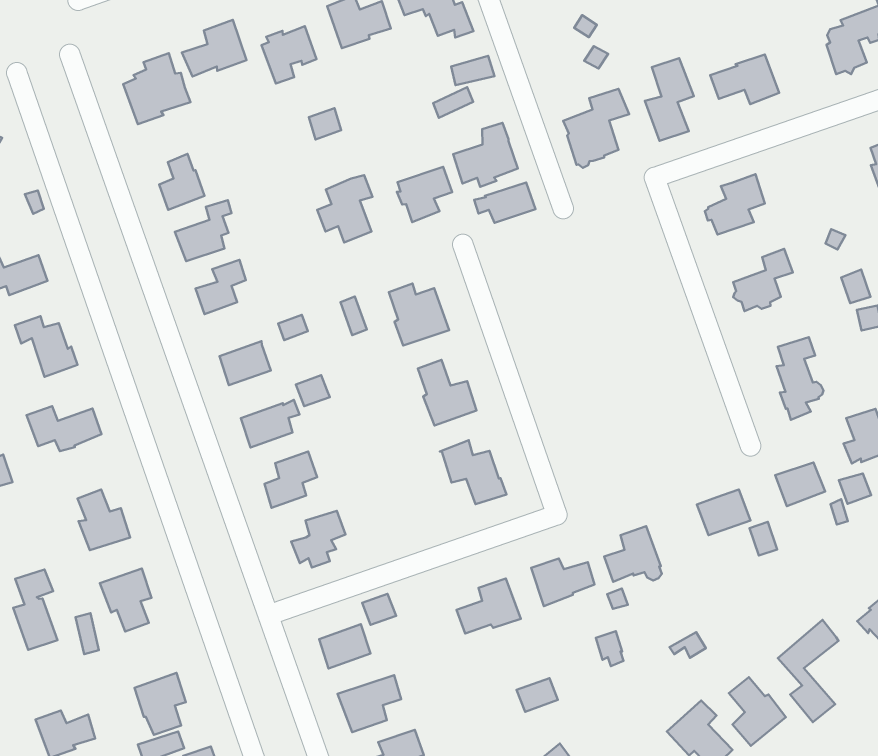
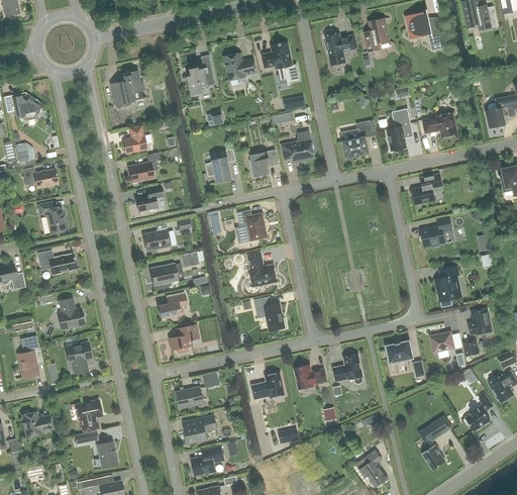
building: [182,20,247,76] -> none
building: [474,182,536,223] -> none
building: [729,677,786,746] -> none

